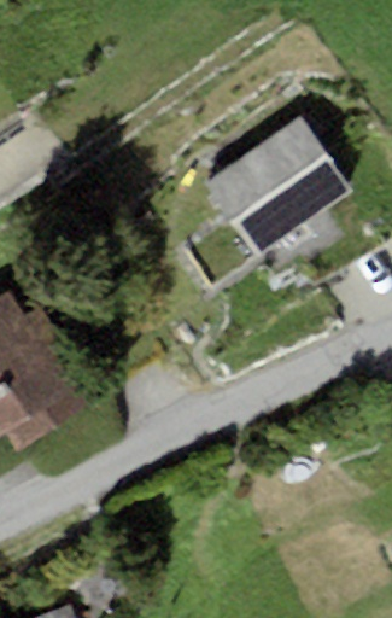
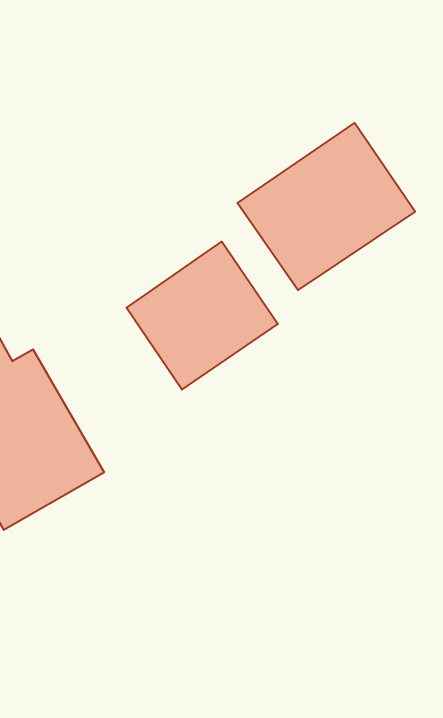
building: none -> [127,242,278,390]

